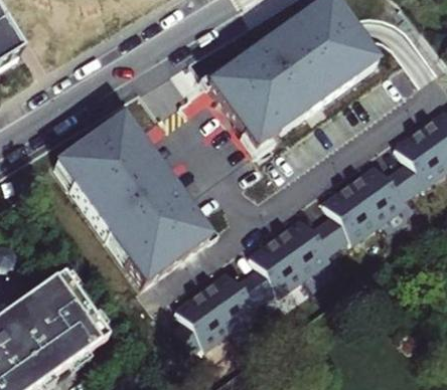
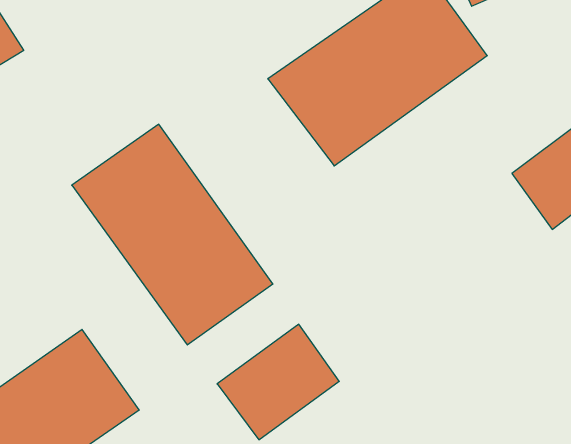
building: [321,157,416,246] -> none
building: [247,211,341,300] -> none

